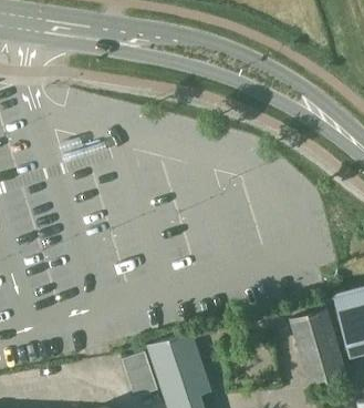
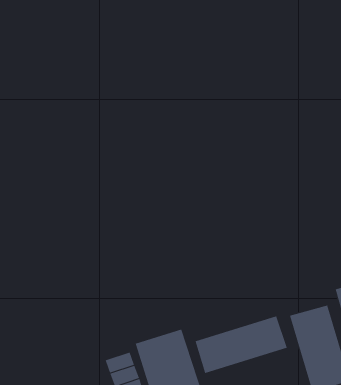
building: none -> [195,315,287,374]

